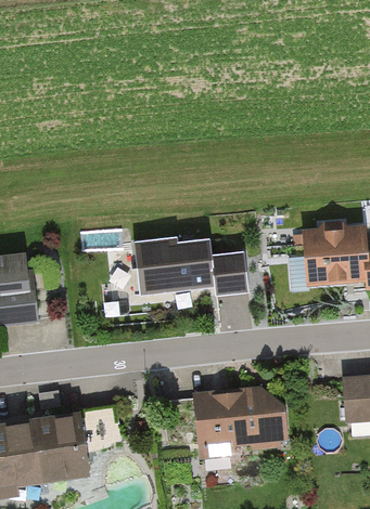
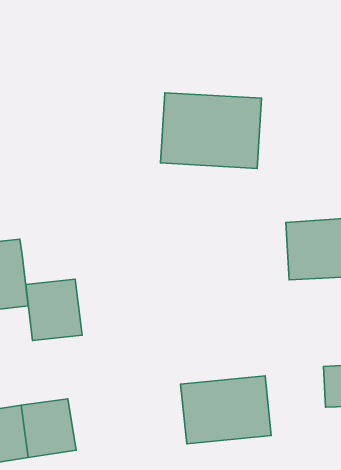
building: none -> [160,93,262,168]
building: [131,233,245,292] -> none
building: none -> [26,279,82,340]

